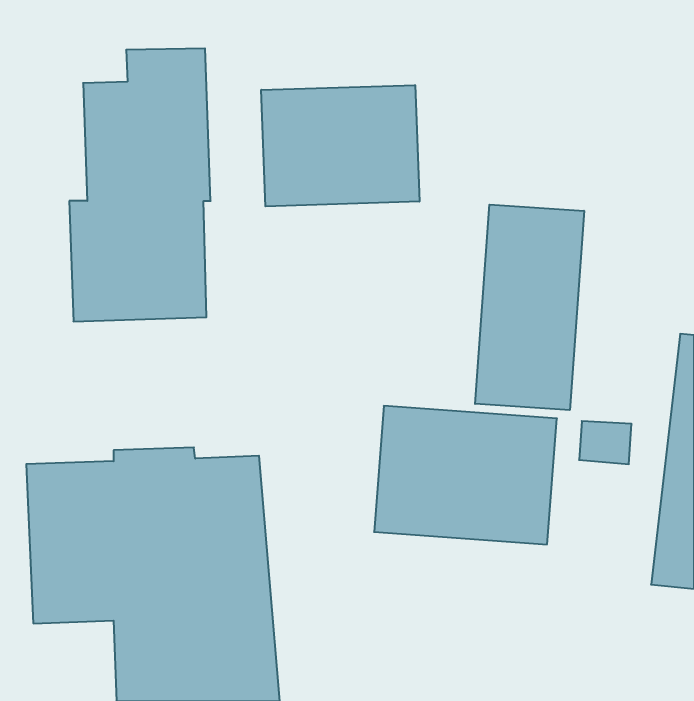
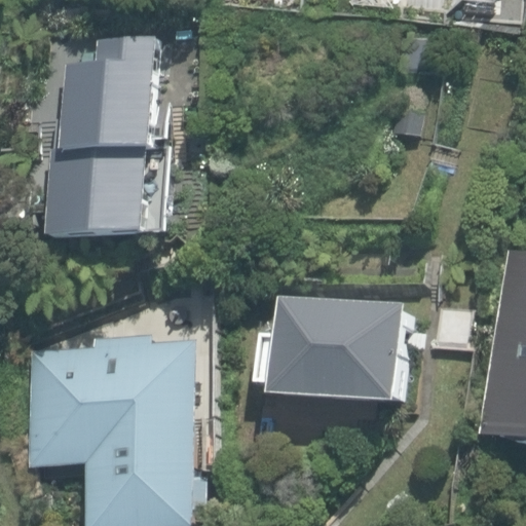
building: [261,85,419,206] -> none
building: [475,205,584,410] -> none

